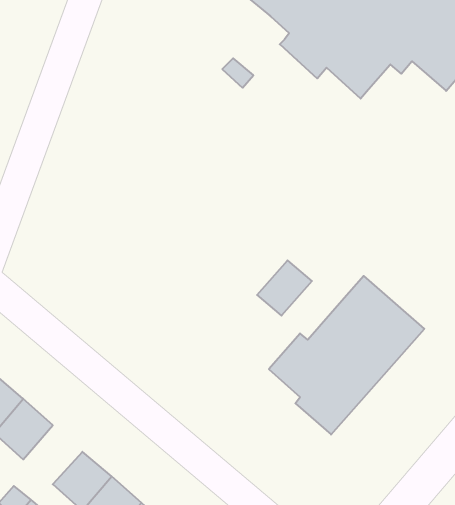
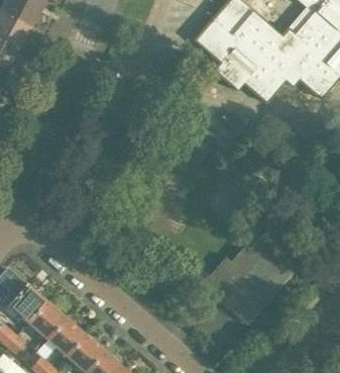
building: [257,260,312,316] -> none
building: none -> [45,316,84,355]

